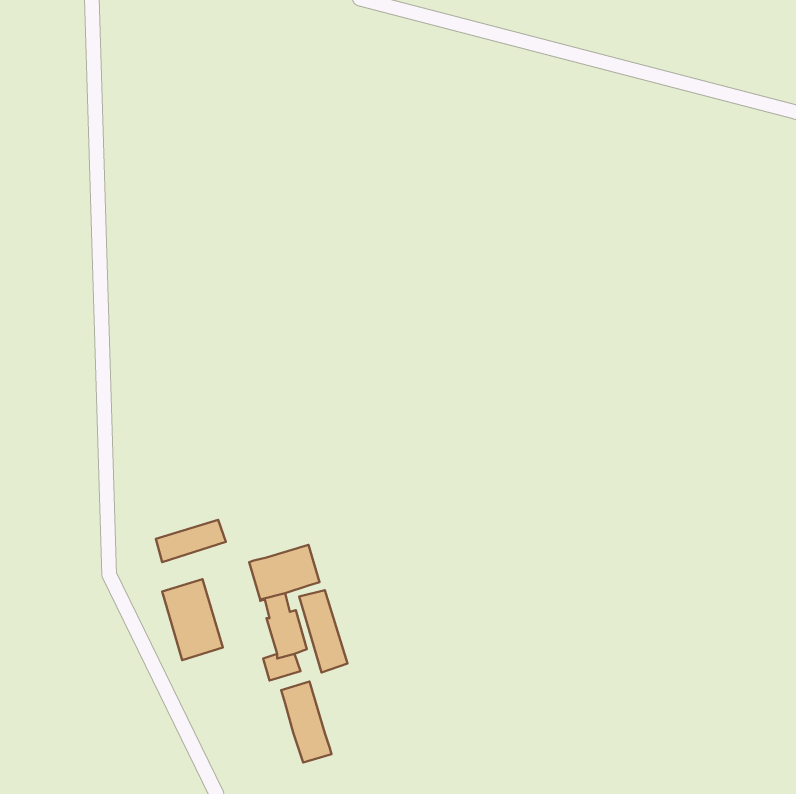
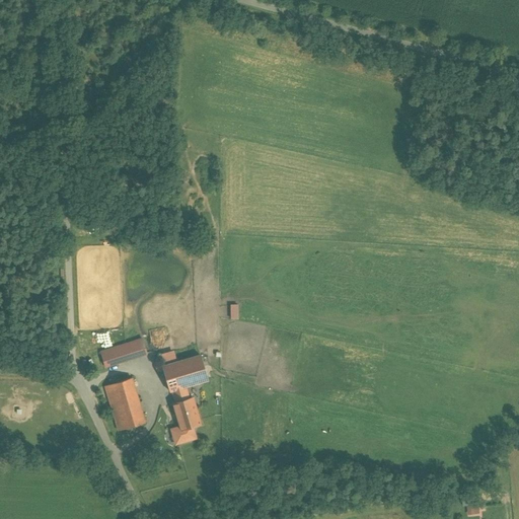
building: [299,590,347,673] -> none
building: [281,682,331,763] -> none

